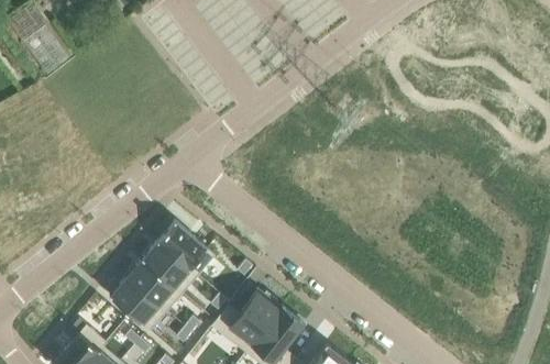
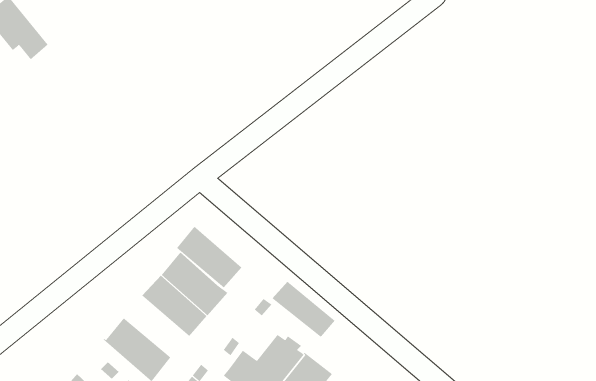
building: none -> [272,281,335,339]
building: [127,257,183,310] -> [176,226,242,288]

